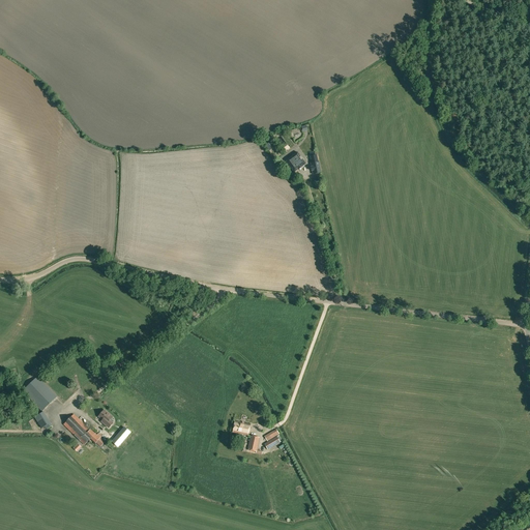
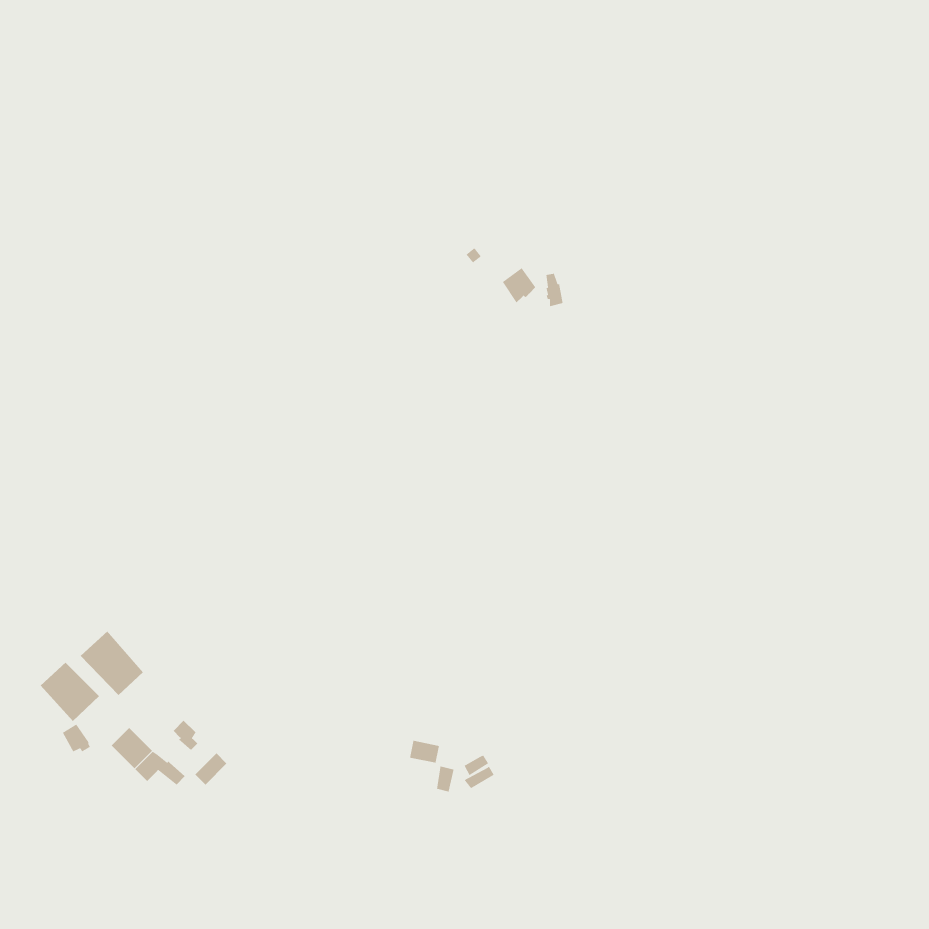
building: none -> [80,630,144,696]

